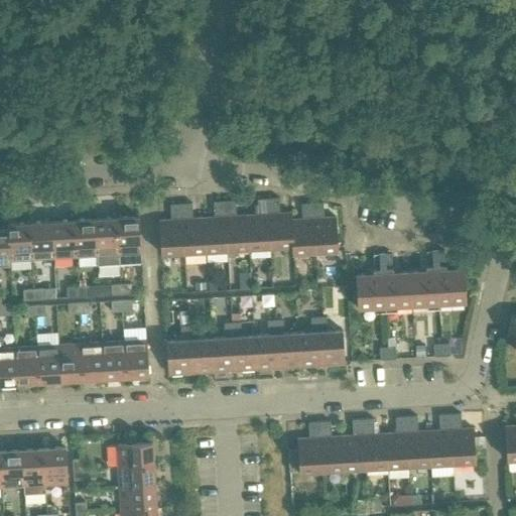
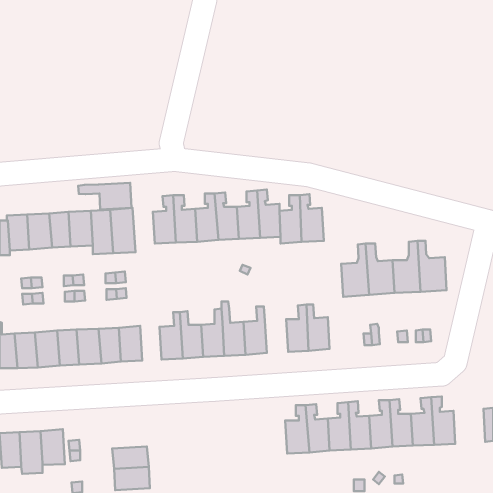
building: none -> [78,183,132,210]
building: [275,319,300,369] -> none
building: [116,443,153,469] -> none

